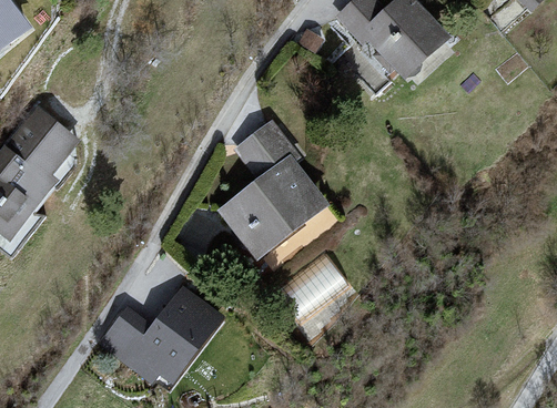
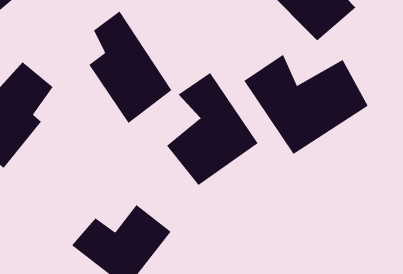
building: none -> [88,11,172,124]
building: none -> [243,54,369,155]

